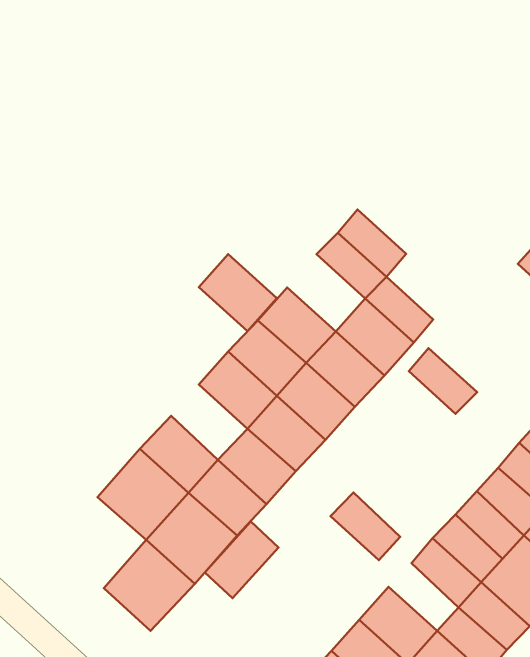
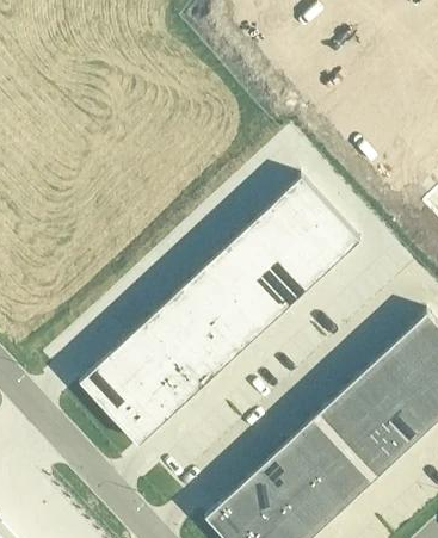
building: [199,254,277,331] -> [249,205,301,258]
building: [409,348,477,414] -> [316,210,360,255]
building: none -> [165,285,215,336]
building: [330,493,400,560] -> [300,416,345,463]
building: none -> [80,354,141,415]
building: [205,522,279,598] -> none

